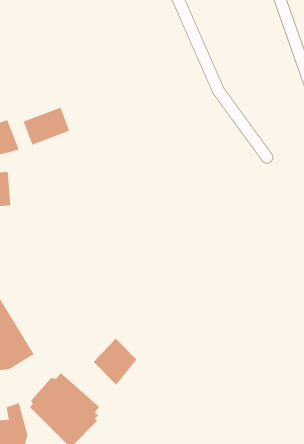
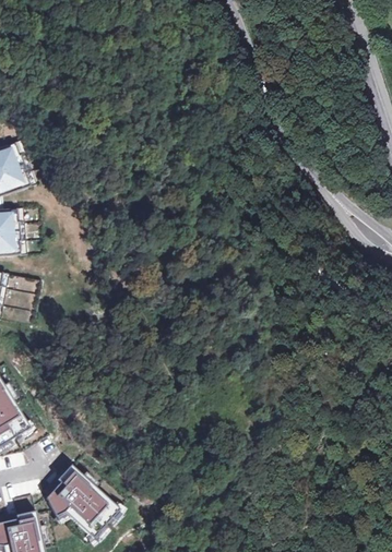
building: [23,107,70,145] -> none
building: [93,338,137,385] -> none

